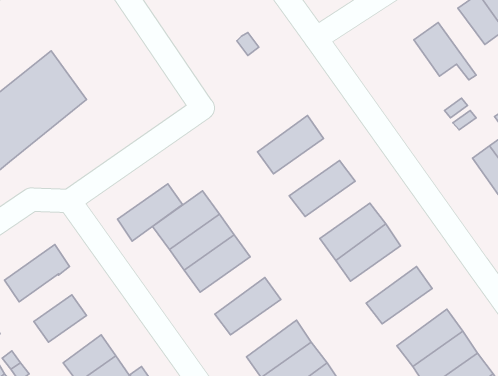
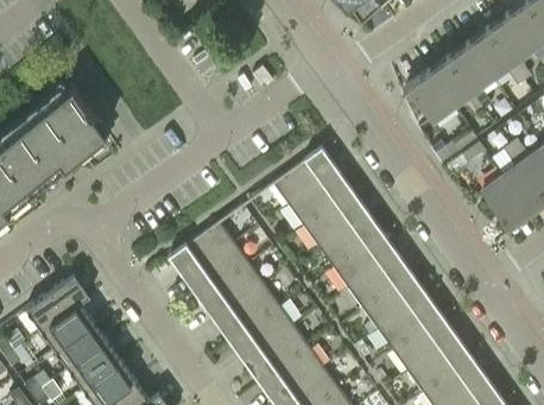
building: none -> [448,44,493,109]
building: none -> [407,75,449,122]
building: none -> [287,171,352,227]
building: none -> [318,213,381,268]
building: [118,184,182,241] -> [216,286,279,342]
building: none -> [362,276,426,331]
building: none -> [40,303,91,349]
building: none -> [393,317,456,373]
building: none -> [246,328,310,384]
building: none -> [69,343,120,390]

